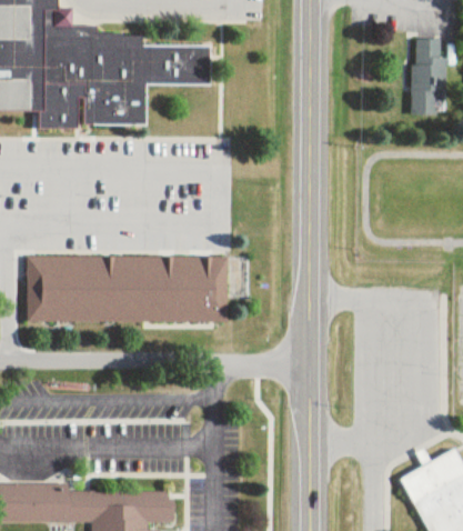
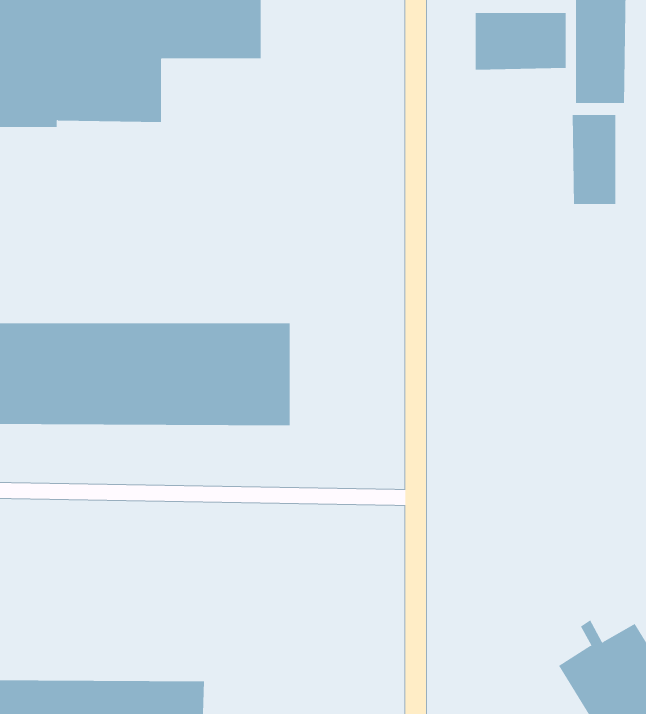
building: none -> [475,12,566,70]
building: none -> [572,114,616,205]

